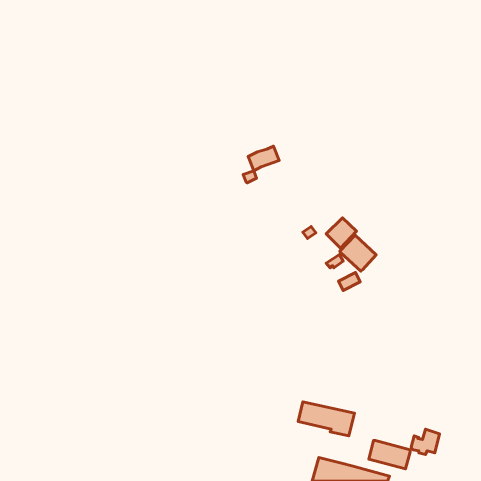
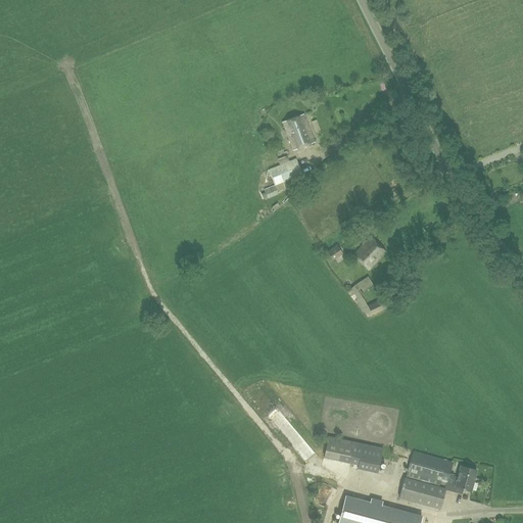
building: none -> [283,113,316,149]
building: [340,235,376,271] -> none
building: none -> [409,450,453,484]

